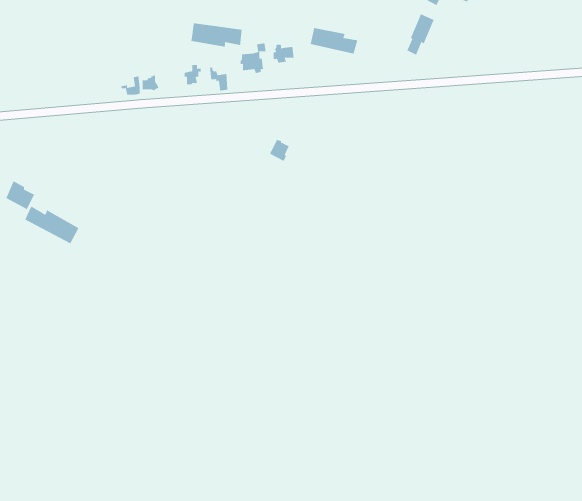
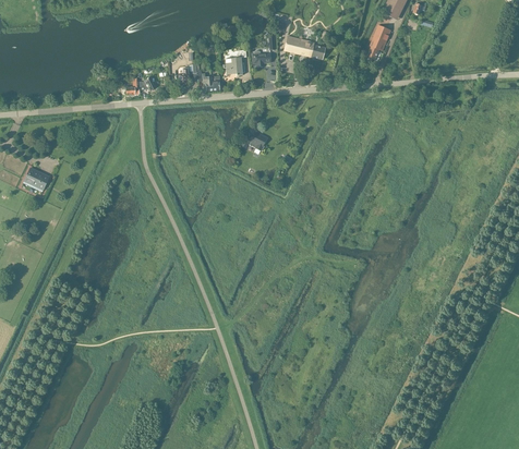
building: [191,22,242,48] -> none
building: [24,206,79,244] -> none

